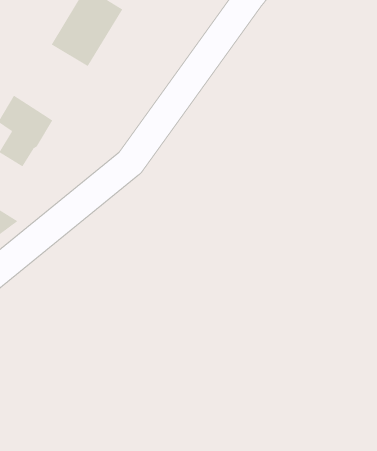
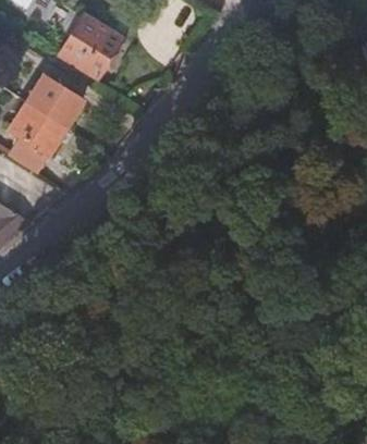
building: none -> [25,77,79,128]

